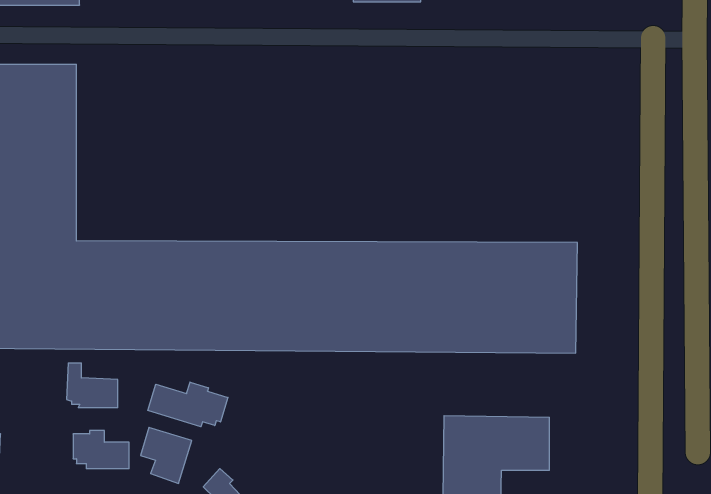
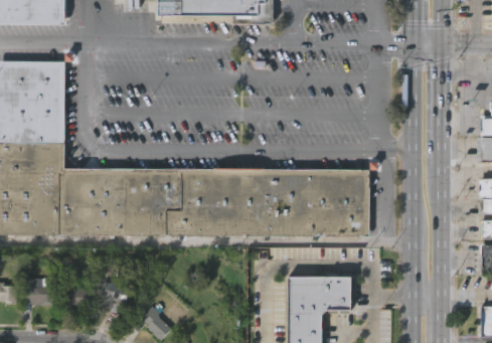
building: [67,363,118,408] -> [24,279,55,306]
building: [148,382,228,427] -> none

